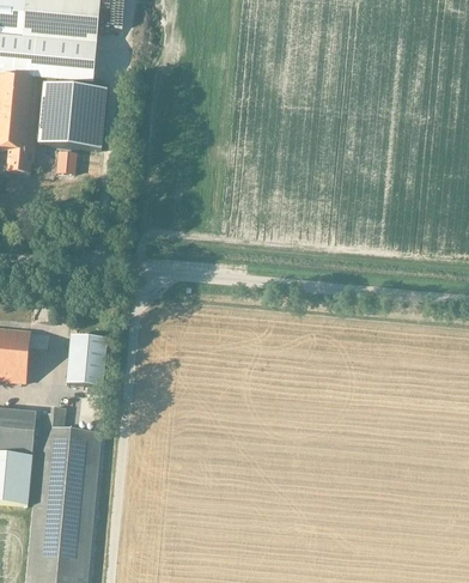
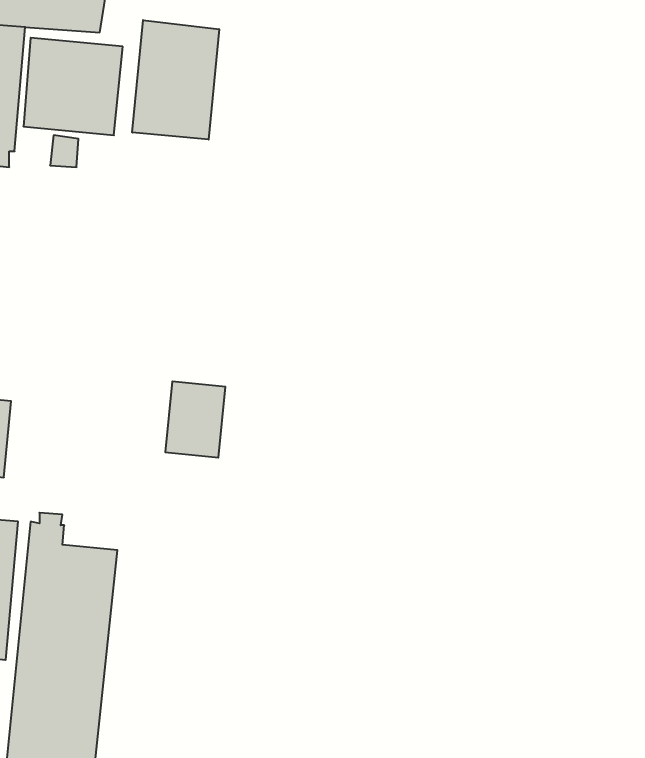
building: none -> [132,20,219,140]
building: [66,333,106,384] -> [165,381,225,458]

